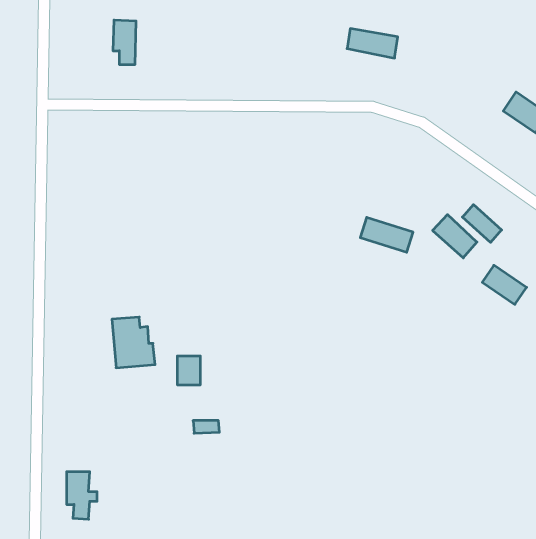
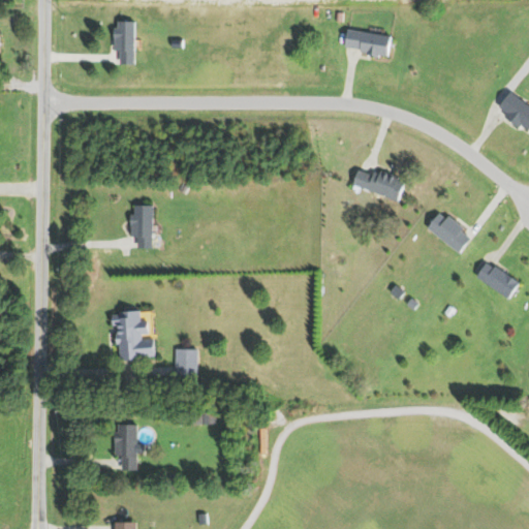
building: [462,205,502,242] -> none
building: none -> [129,205,154,248]
building: [360,217,413,252] -> [351,166,403,200]
building: [67,472,97,519] -> [116,425,146,471]

